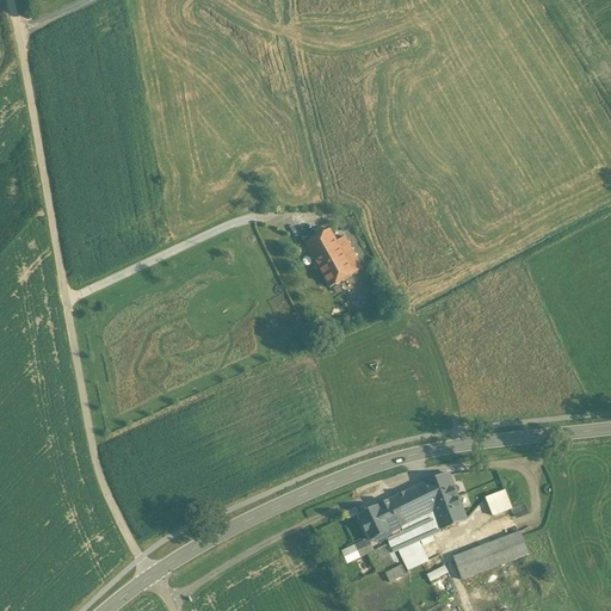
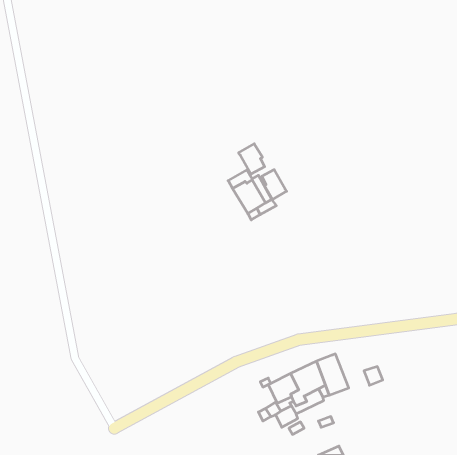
building: none -> [239,144,265,174]
building: none -> [262,170,287,199]
building: [452,530,529,579] -> none

